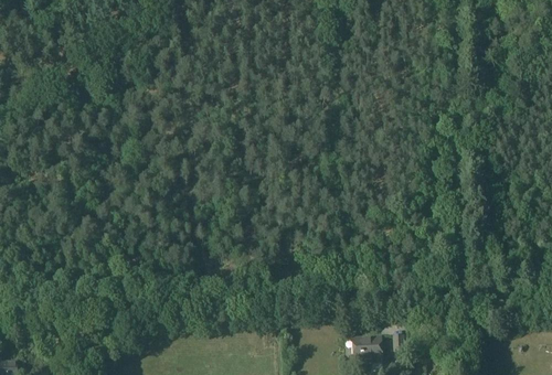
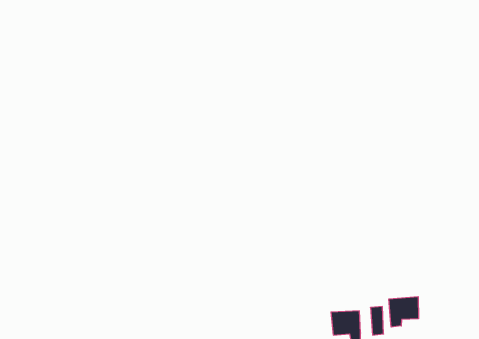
building: none -> [389,297,418,327]

